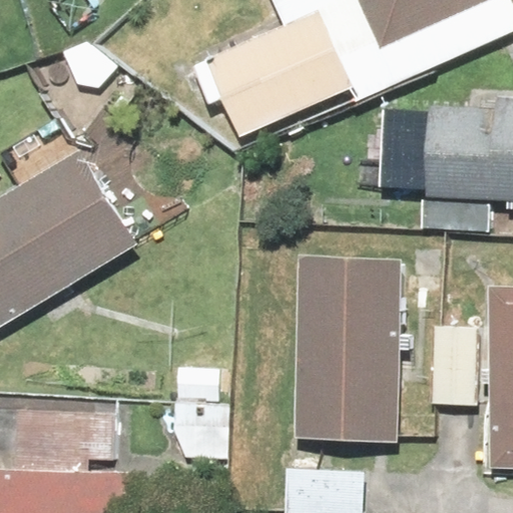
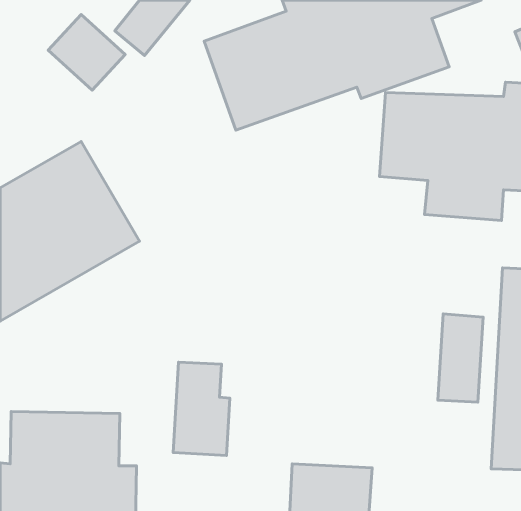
building: [293,249,399,435] -> none

